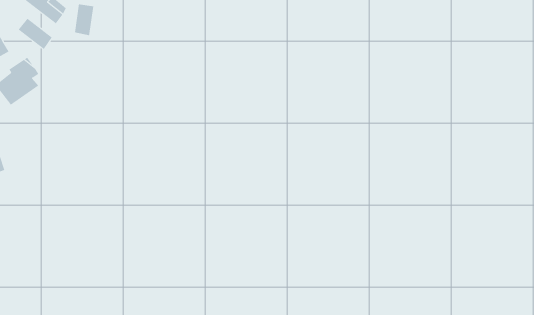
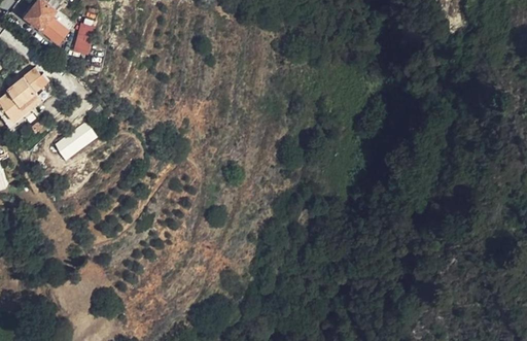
building: [18,18,52,50] -> none
building: none -> [55,122,98,160]

